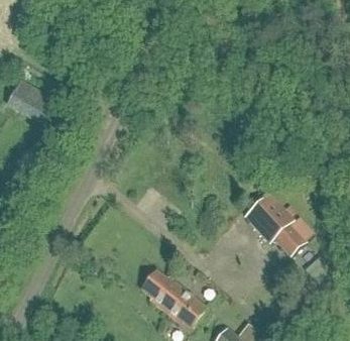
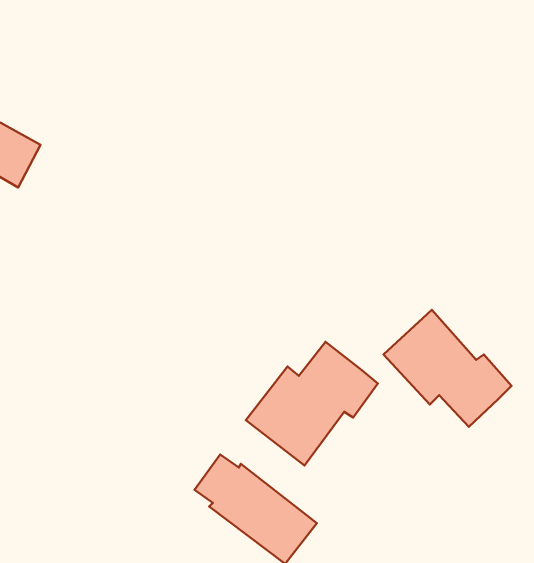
building: none -> [246,342,378,466]

